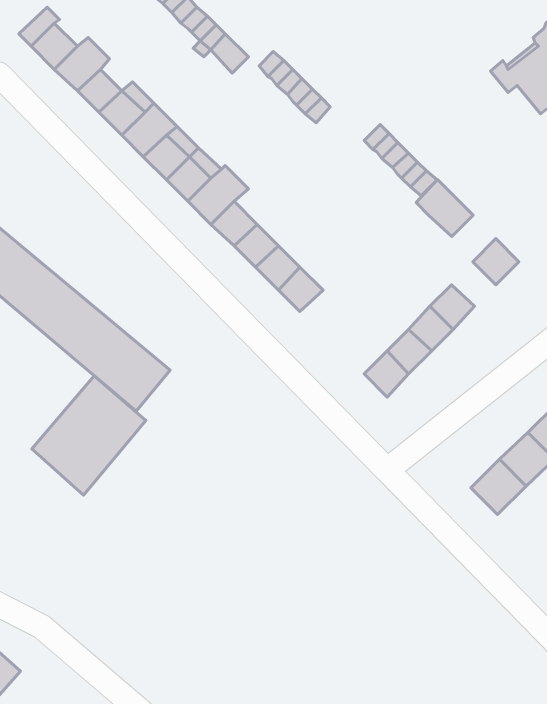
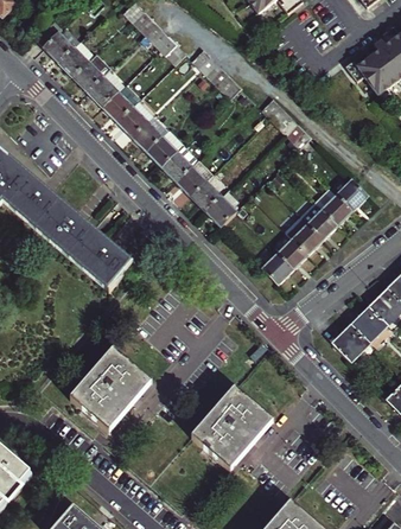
building: [416,179,473,236] -> [311,183,349,221]
building: [32,376,146,495] -> [72,349,148,428]
building: none -> [191,387,270,467]

